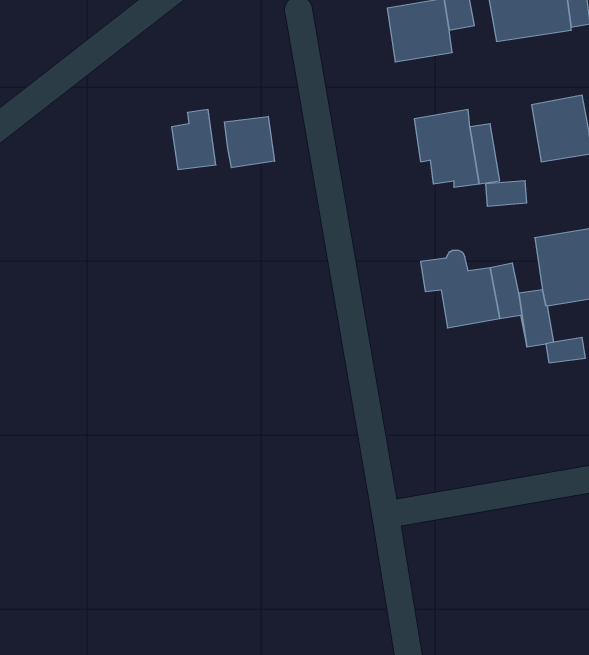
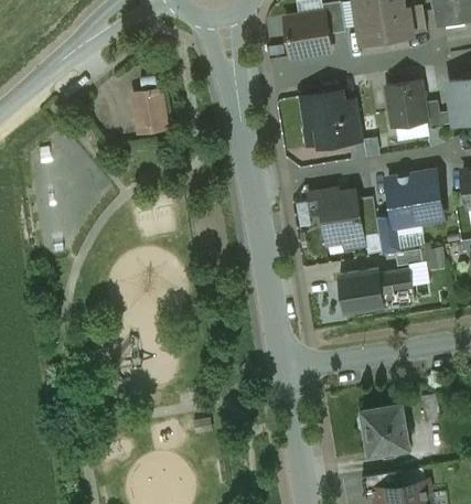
building: [225,116,275,168] -> none
building: none -> [339,269,411,312]
building: none -> [358,404,407,453]

